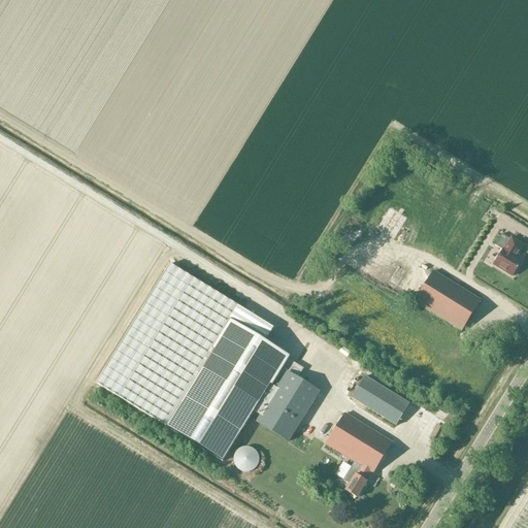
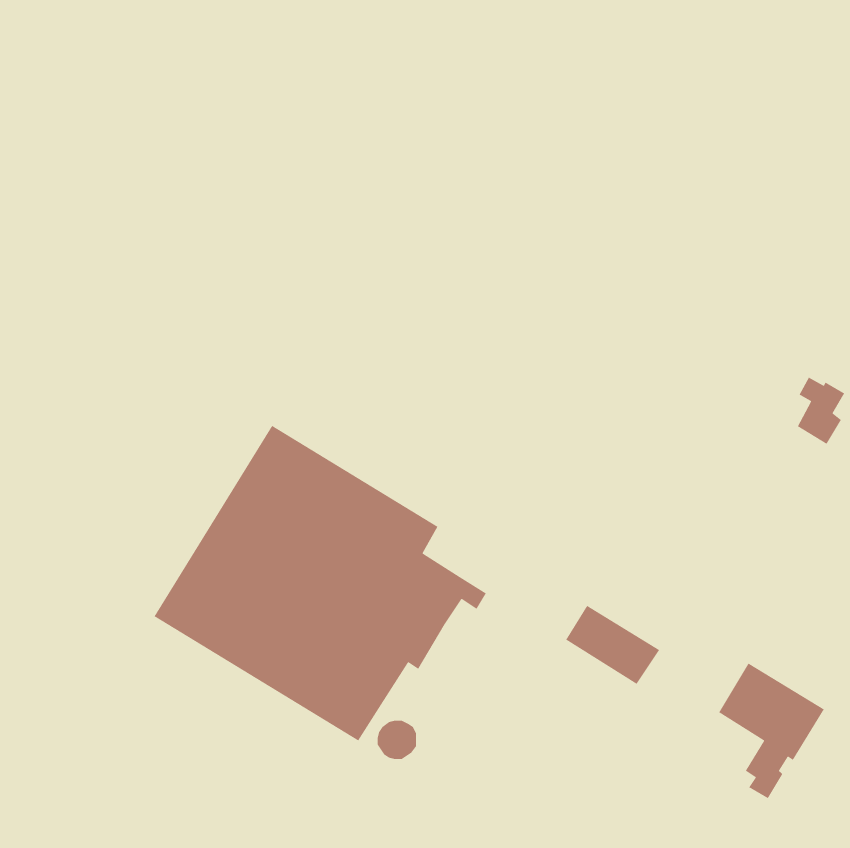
building: [414,269,480,330] -> none
building: [256,371,319,440] -> none
building: [326,411,392,496] -> [718,662,825,799]

